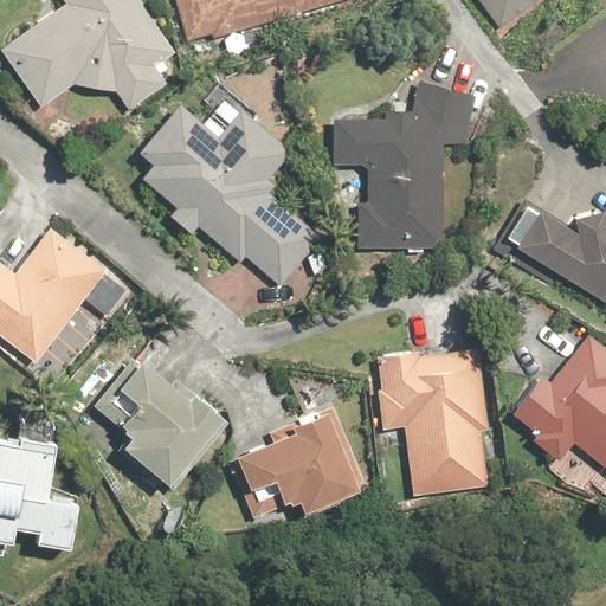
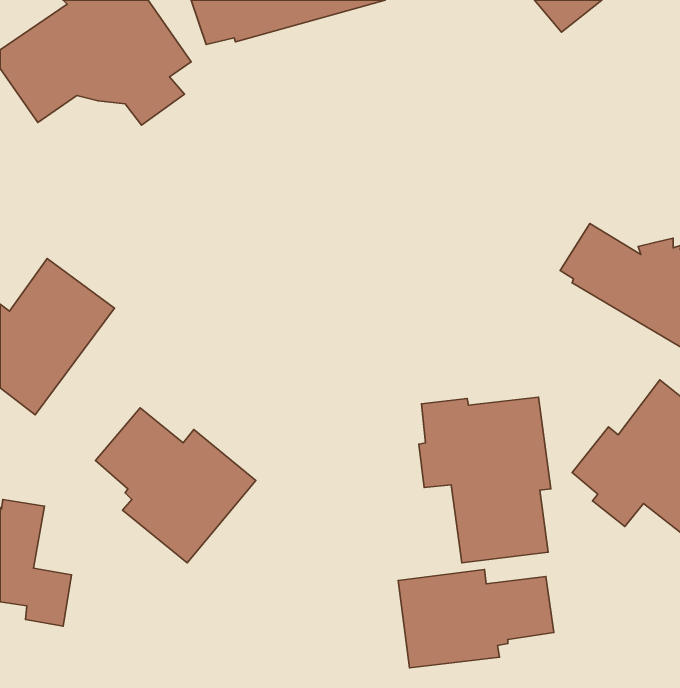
building: [331,82,477,250] -> none
building: [135,104,328,286] -> none
building: [228,406,365,512] -> none
building: none -> [398,570,554,668]

